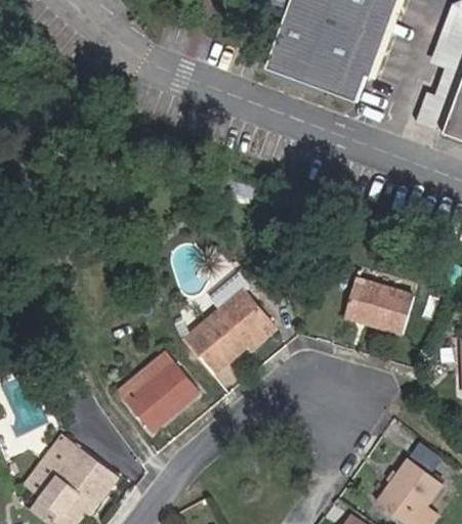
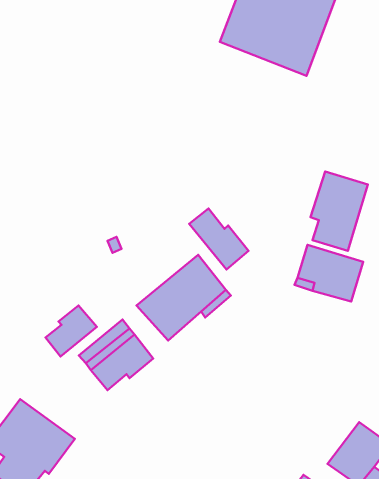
building: none -> [311,171,368,251]
building: none -> [189,209,248,269]
building: none -> [46,305,97,357]

